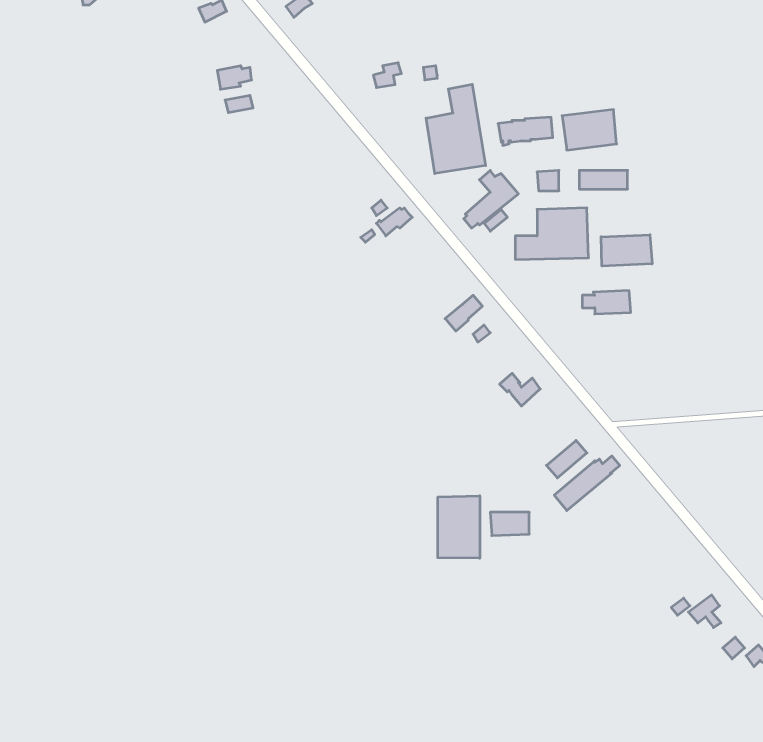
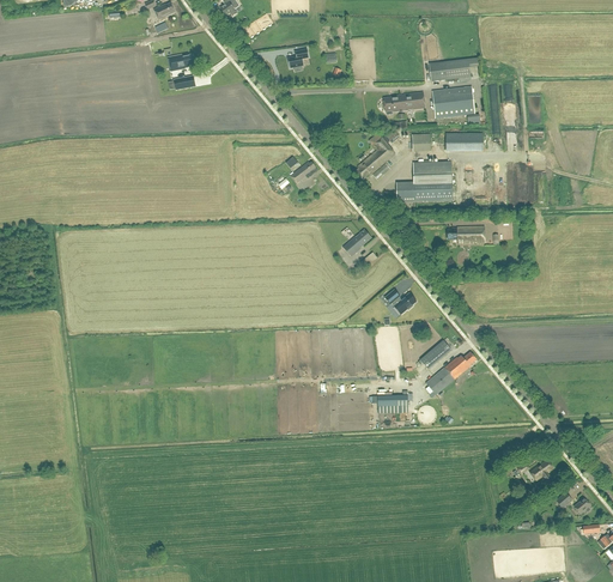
building: none -> [429,59,471,81]
building: [426,84,486,174] -> none
building: [601,235,652,266] -> none
building: [438,496,480,558] -> none

